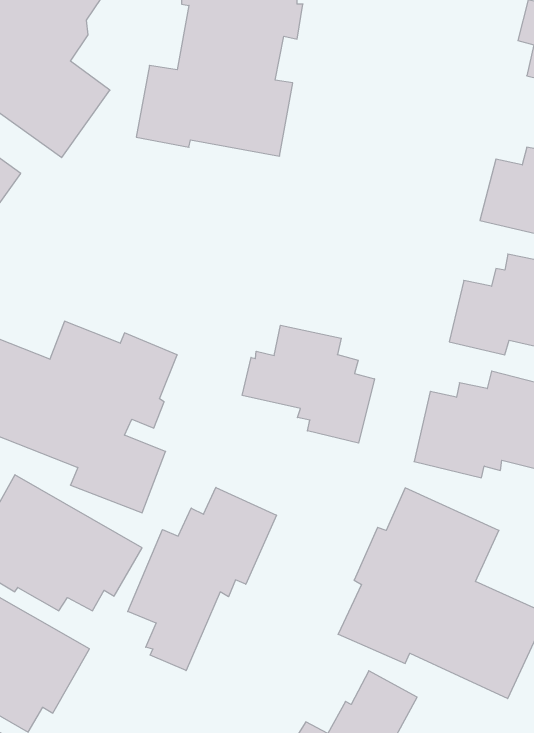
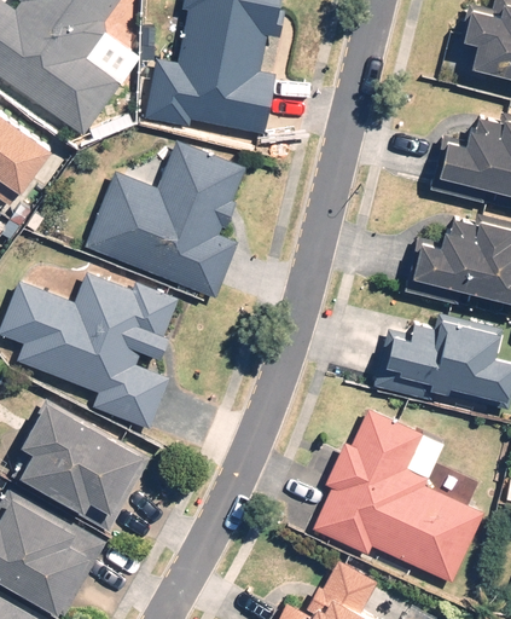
building: none -> [85,140,246,300]
building: [242,325,374,443] -> none
building: [128,487,276,671] -> none

